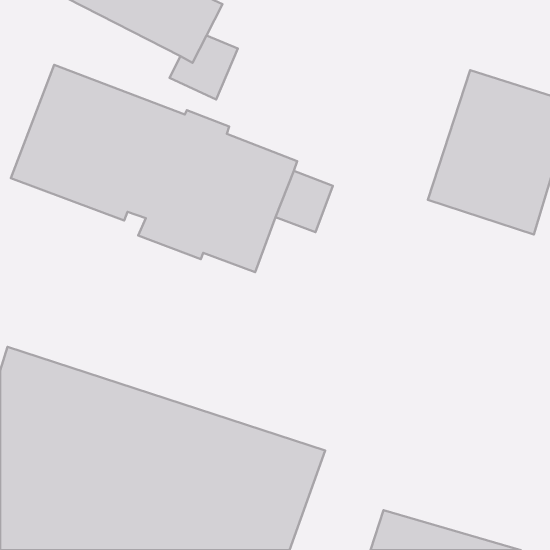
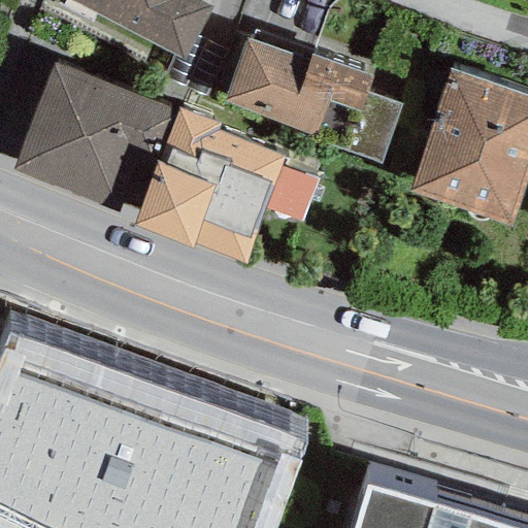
building: none -> [225,37,404,163]

